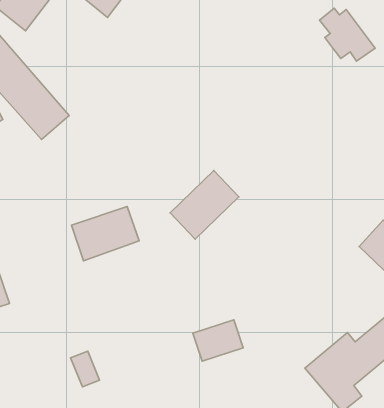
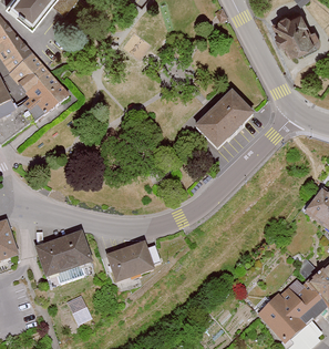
building: [170,170,239,239] -> [191,95,248,153]
building: [72,207,139,261] -> [33,232,90,277]
building: [193,320,243,361] -> [105,248,147,283]

